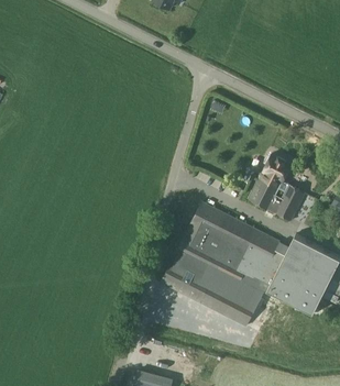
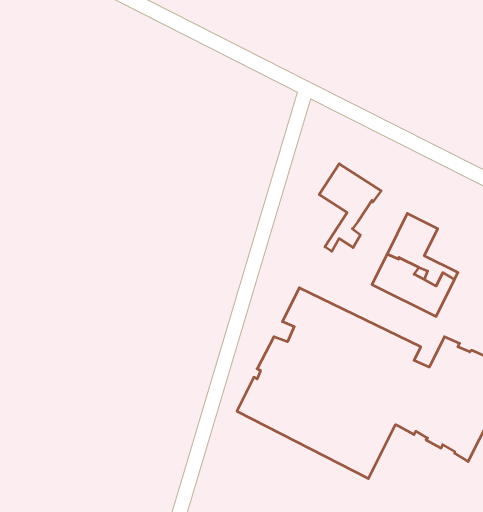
building: none -> [319,164,381,251]

